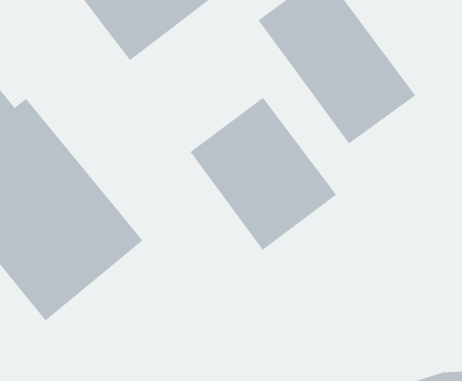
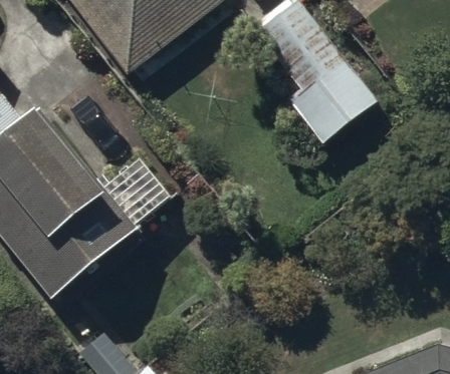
building: [189,97,337,251] -> none

